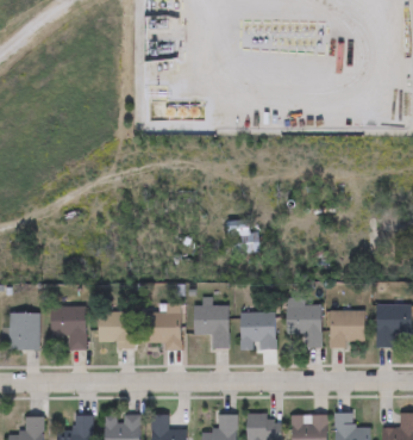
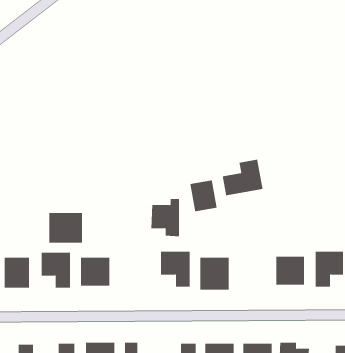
building: none -> [222,159,263,196]
building: none -> [49,212,82,244]
building: [286,302,321,348] -> none
building: [145,305,180,351] -> [151,199,180,237]

